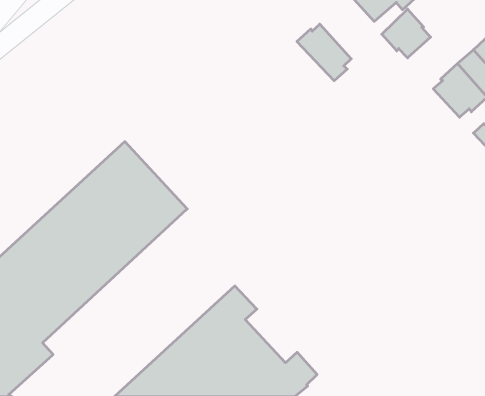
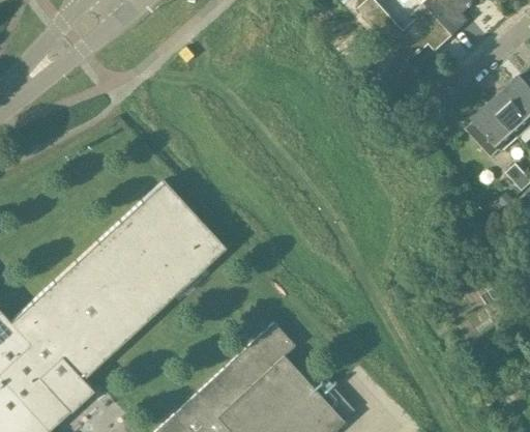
building: [382,9,431,58] -> none
building: [297,24,351,81] -> none

